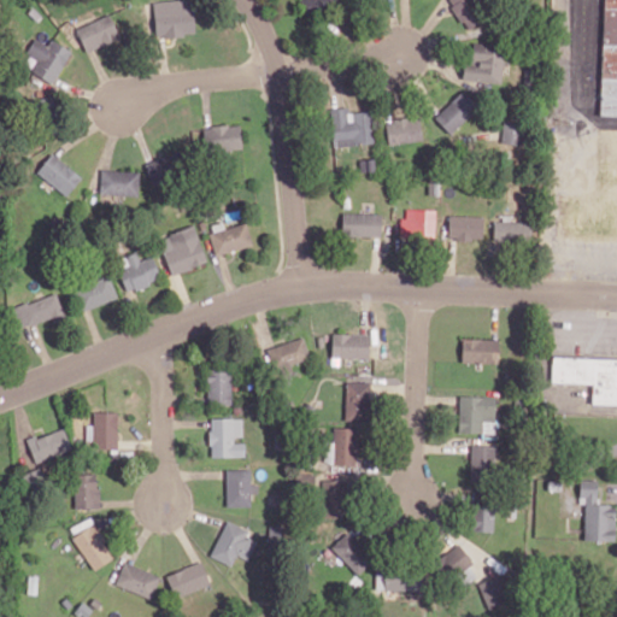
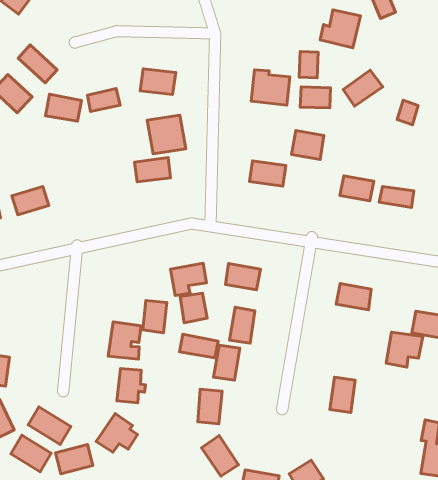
building: [463,45,505,84] -> [320,10,361,48]
building: none -> [299,51,318,78]
building: none -> [18,45,57,83]
building: [402,210,436,239] -> [291,131,324,160]
building: [159,227,207,275] -> [147,115,186,154]
building: [116,253,163,293] -> none
building: [207,370,233,405] -> [143,301,167,333]
building: none -> [180,293,207,323]
building: [459,396,496,434] -> [386,332,423,367]
building: [89,412,118,449] -> none
building: none -> [180,334,218,358]
building: [472,503,495,533] -> none
building: none -> [28,407,71,445]

